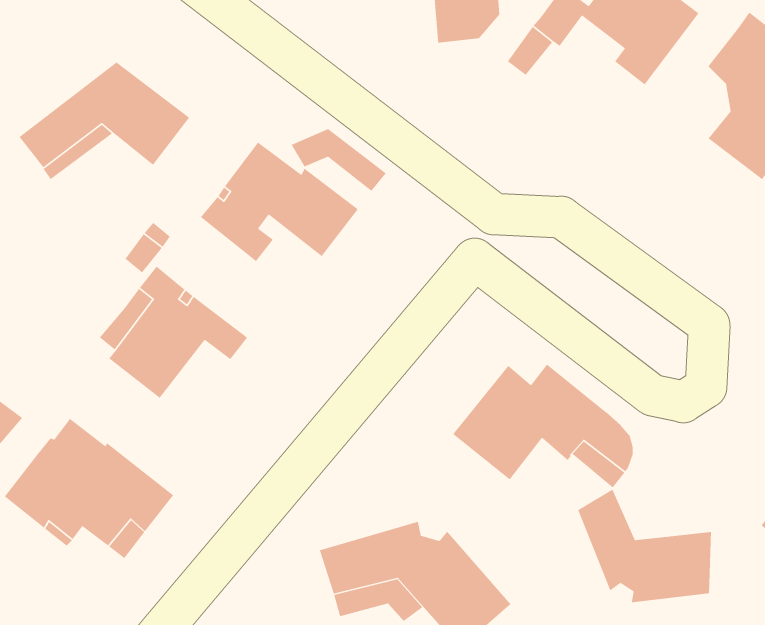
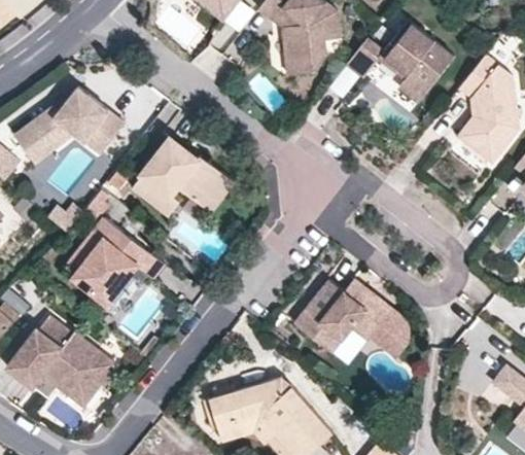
building: [291,128,387,192] -> none
building: [577,489,712,603] -> none

